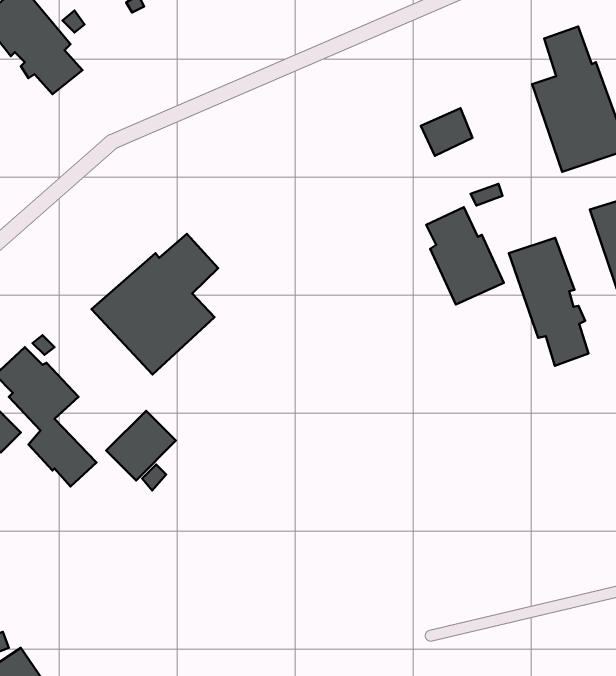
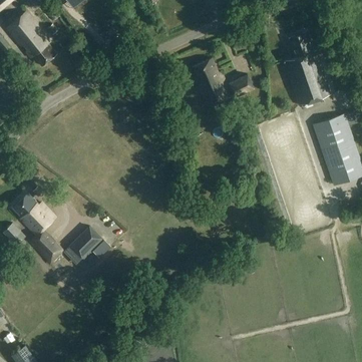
building: [426,207,504,305] -> [193,57,232,106]
building: [91,234,218,375] -> none
building: [509,238,588,366] -> none

